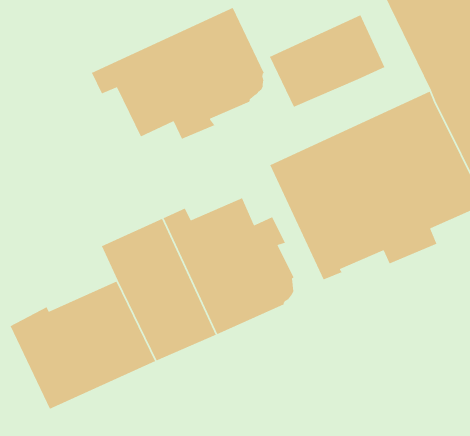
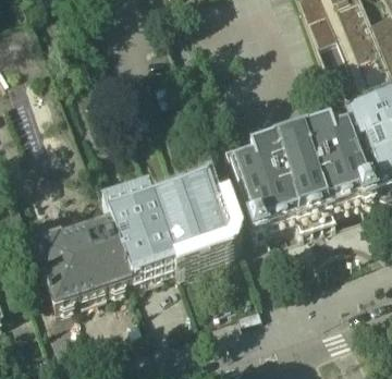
building: [91,7,265,140] -> none
building: [269,14,386,108] -> none

